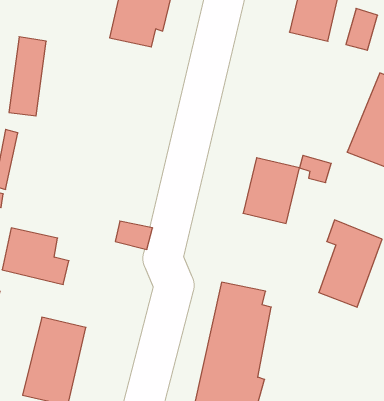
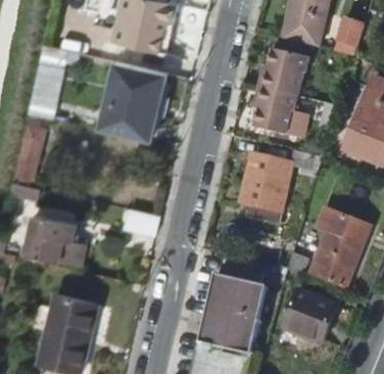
building: none -> [253,49,308,134]
building: none -> [101,62,165,142]
building: none -> [282,290,337,343]

